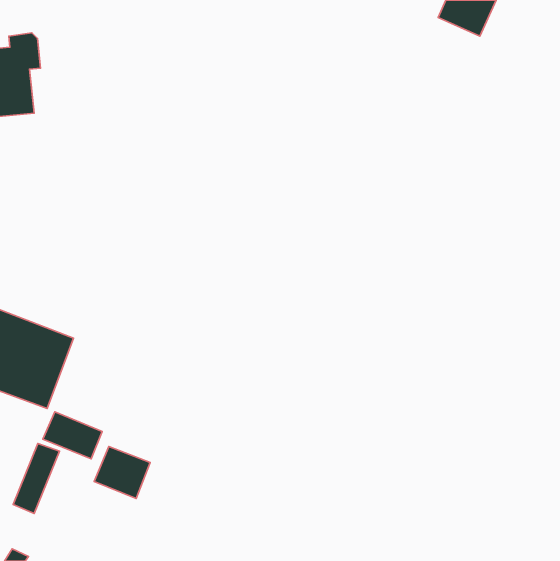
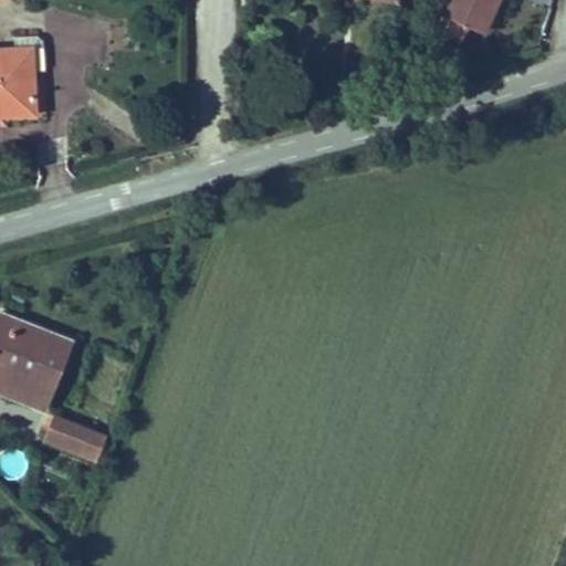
building: [13,443,60,514] -> none
building: [94,446,150,499] -> none

